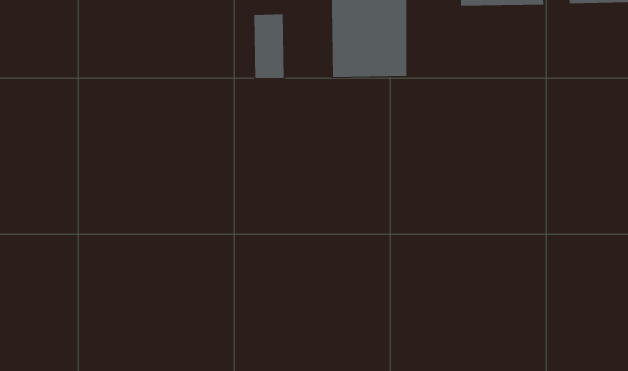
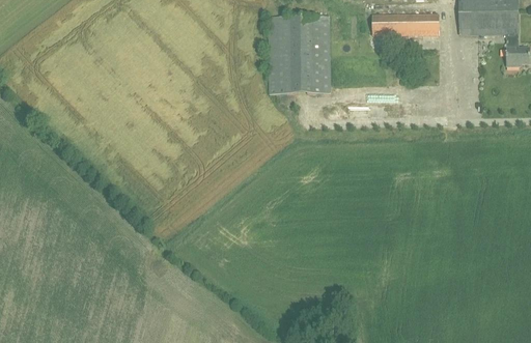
building: [254,14,284,79] -> none

